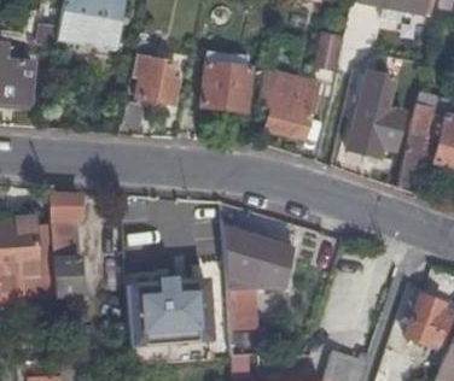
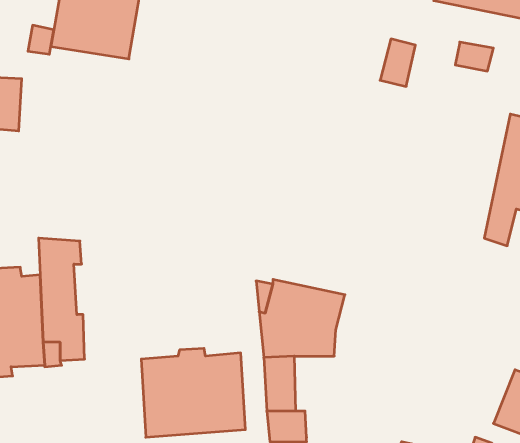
building: [134,57,179,109] -> none
building: [203,65,254,115] -> none
building: [261,71,321,139] -> none
building: [351,74,406,160] -> none

